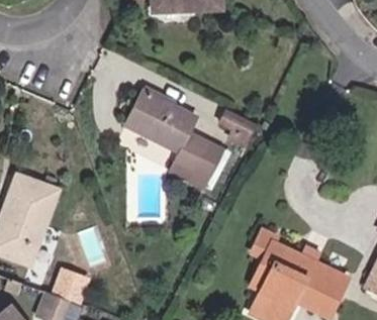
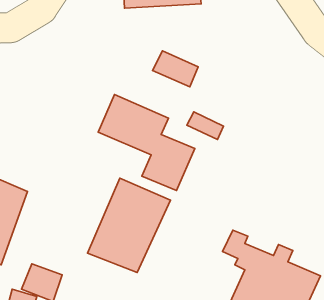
building: none -> [153,51,198,87]
building: none -> [88,178,170,273]

